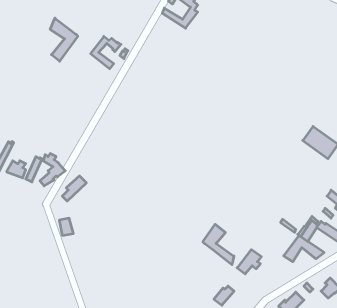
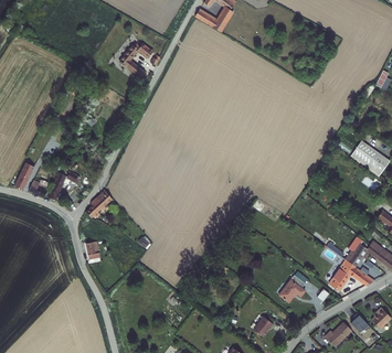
building: [50,18,78,61] -> none
building: [203,224,234,265] -> none

